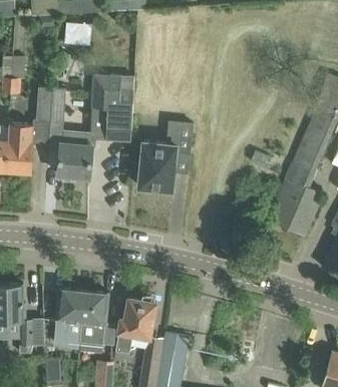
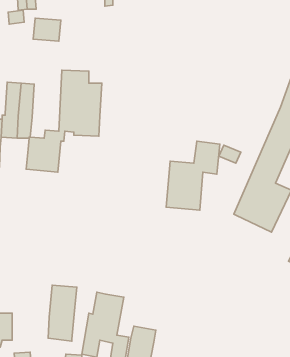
building: [138,121,193,190] -> [166,141,220,210]
building: [54,288,83,347] -> none

